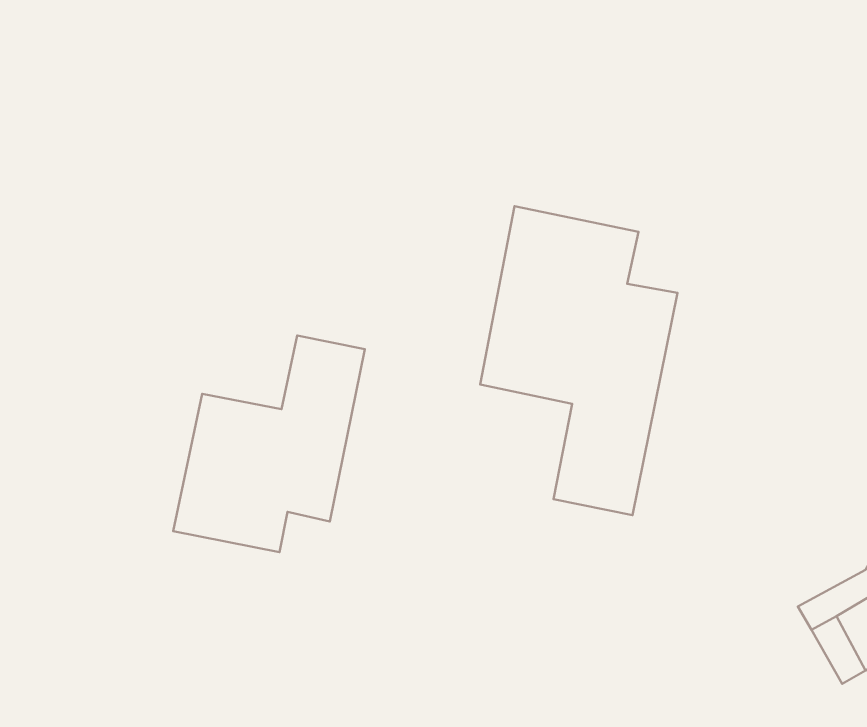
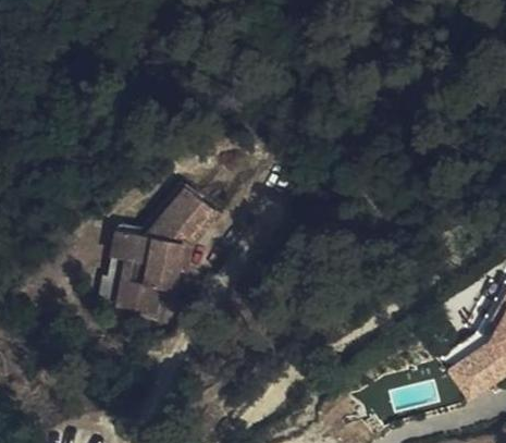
building: [480,206,677,515] -> none

